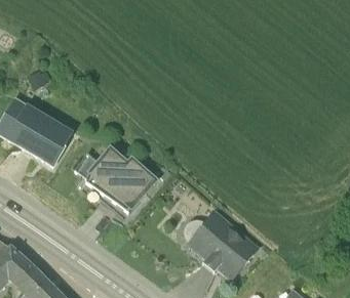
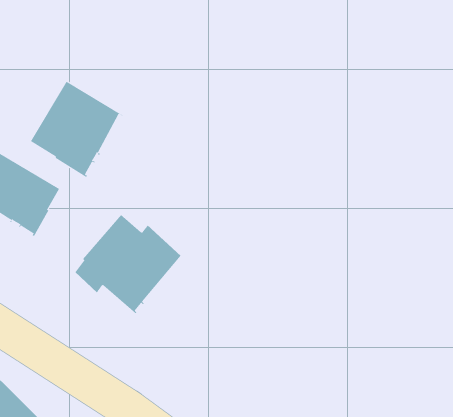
building: none -> [30,81,123,178]
building: [185,210,254,278] -> none

